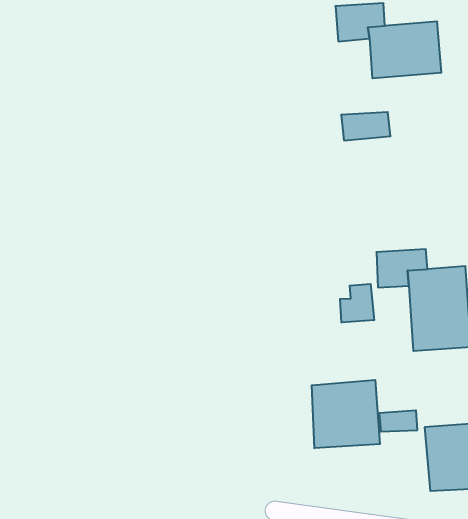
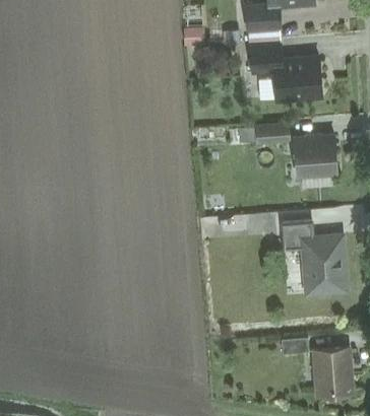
building: none -> [291,135,338,172]
building: [340,284,374,323] -> none
building: [312,380,380,448] -> none

